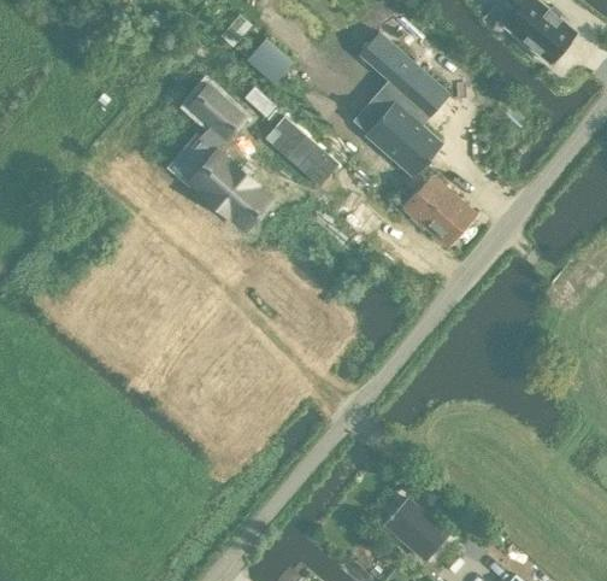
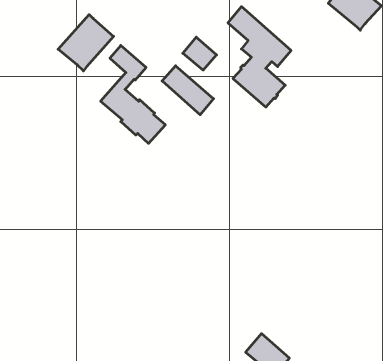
building: [244,39,293,86] -> [183,37,217,70]
building: none -> [58,15,114,71]
building: [401,174,476,246] -> none

